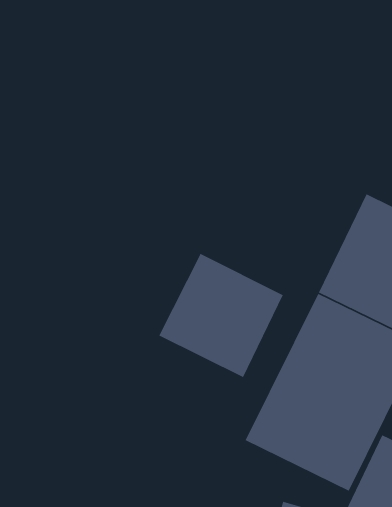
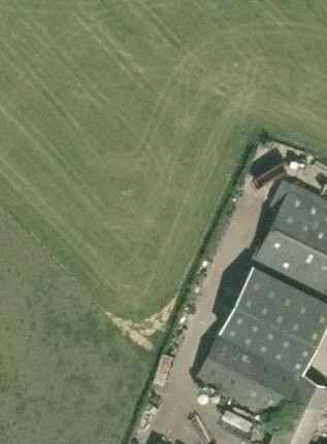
building: [158,253,284,378] -> none

